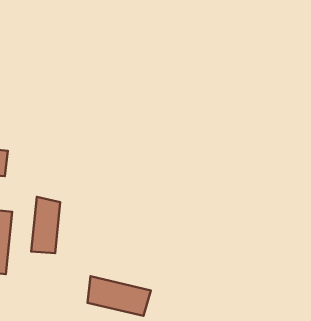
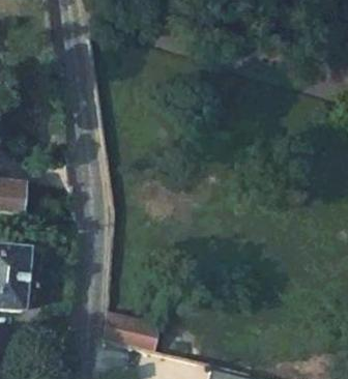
building: [31,197,60,253] -> none

